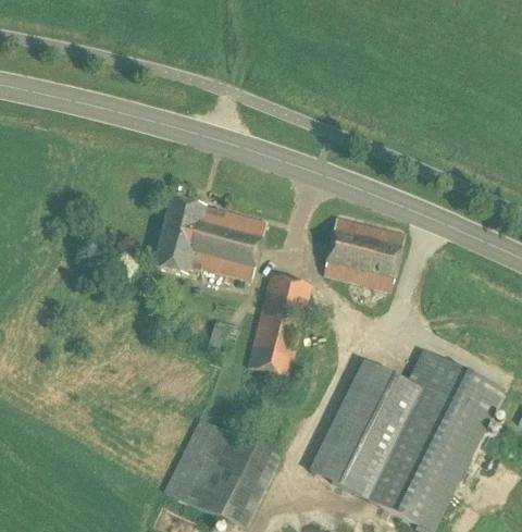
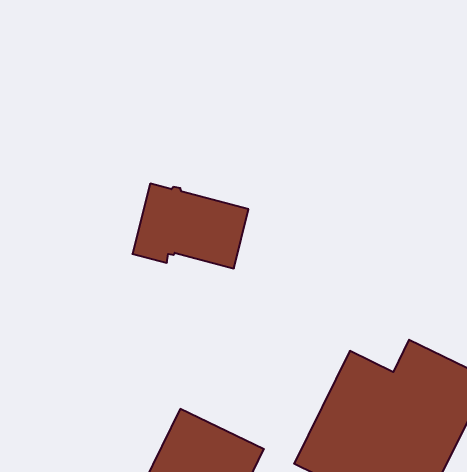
building: [323,216,405,290] -> none
building: [247,273,310,375] -> none

